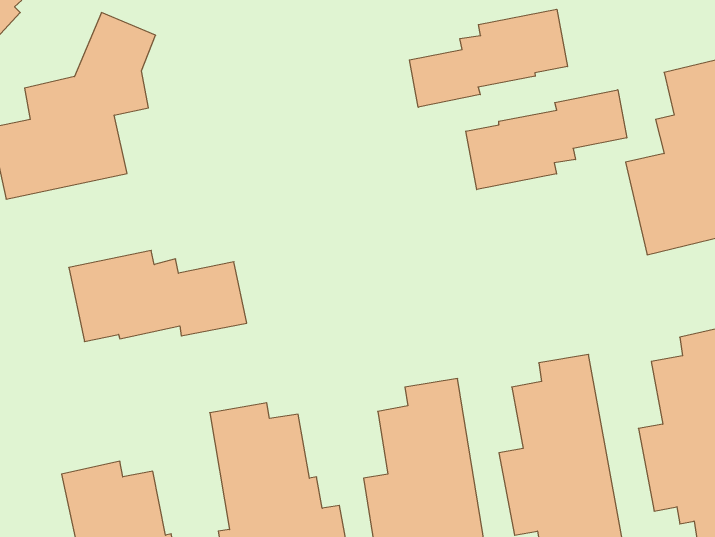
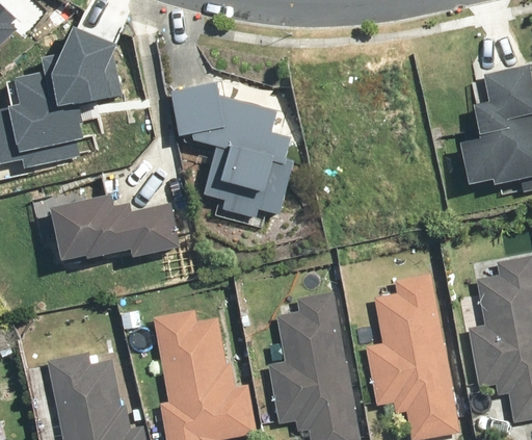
building: [409,9,567,107] -> none
building: [466,90,627,190] -> none
building: none -> [170,83,293,218]

